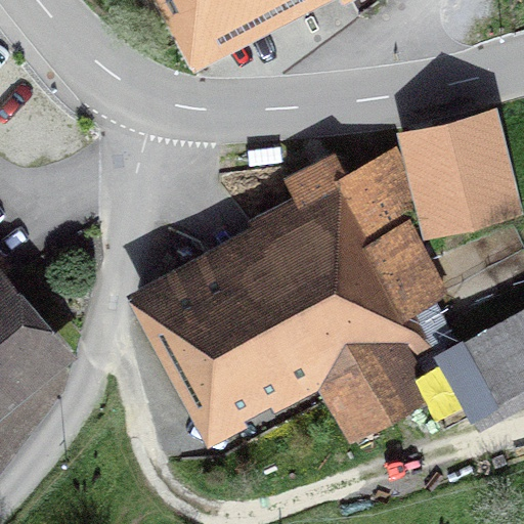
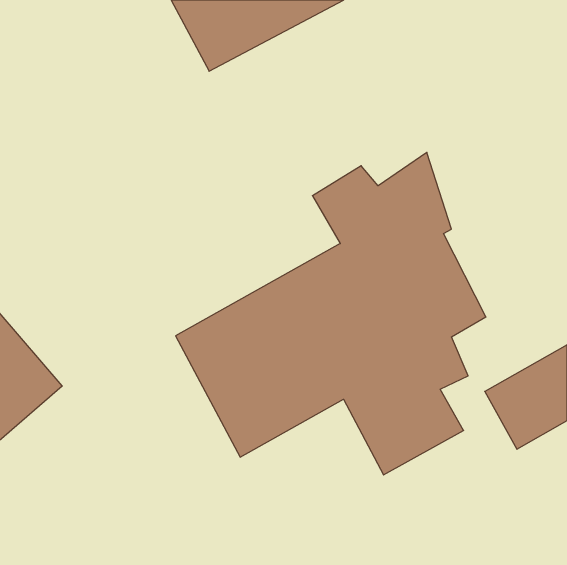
building: [403,113,518,238] -> none

